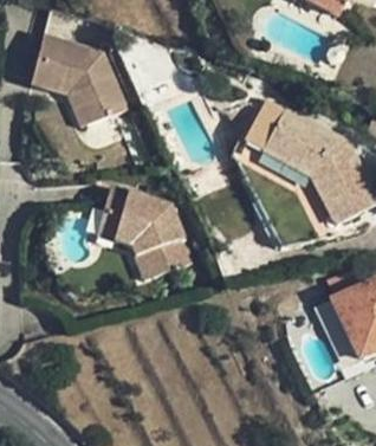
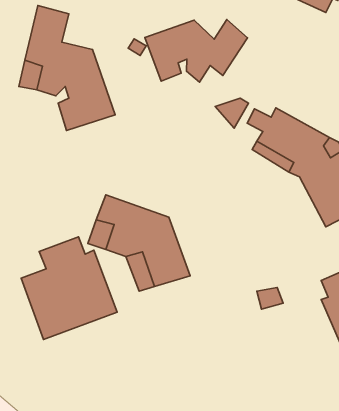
building: none -> [145,19,248,82]
building: none -> [21,237,117,339]

